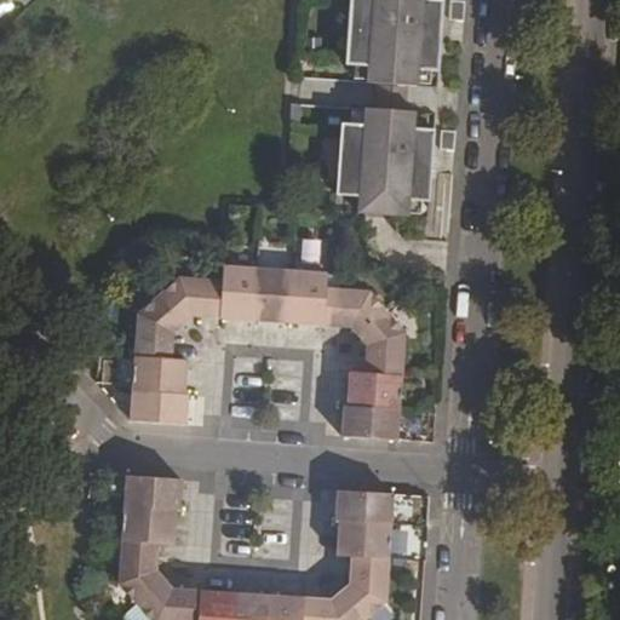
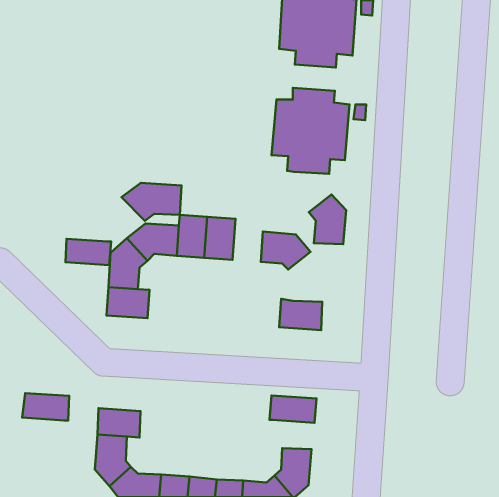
building: none -> [121,183,181,221]
building: [288,271,327,325] -> none
building: [357,312,403,374] -> [309,194,346,244]
building: [131,391,188,424] -> [65,239,111,265]
building: [341,406,398,438] -> none
building: [122,476,180,510] -> [22,393,69,420]
building: [335,521,390,557] -> none

